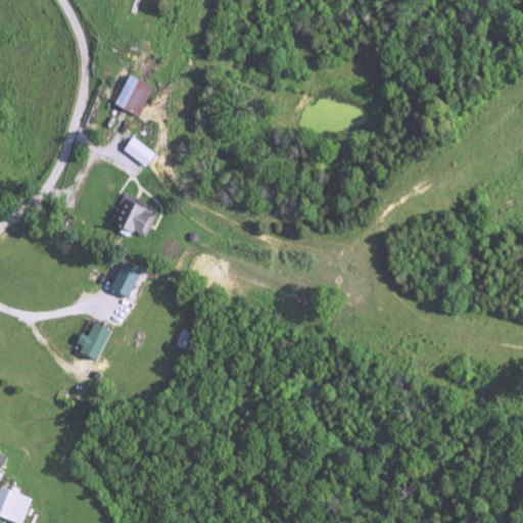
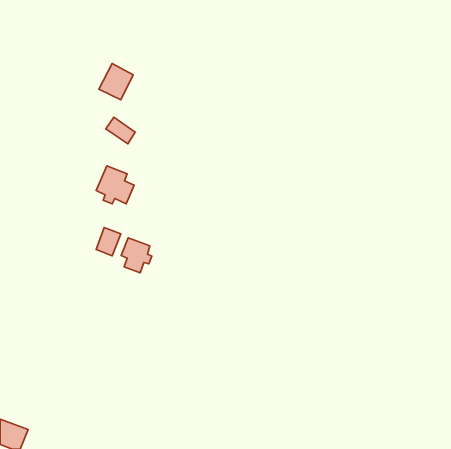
building: none -> [121,238,152,273]
building: [77,323,109,360] -> none

